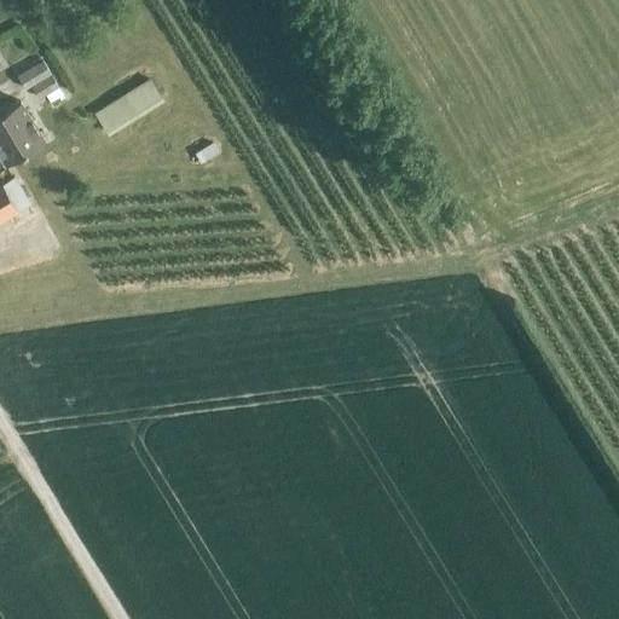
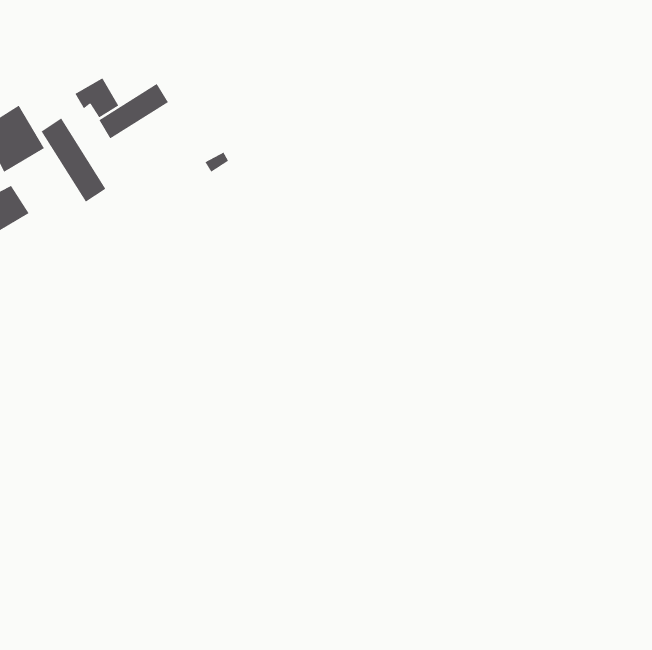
building: [15,62,57,100] -> [75,77,119,118]
building: none -> [41,118,106,202]

